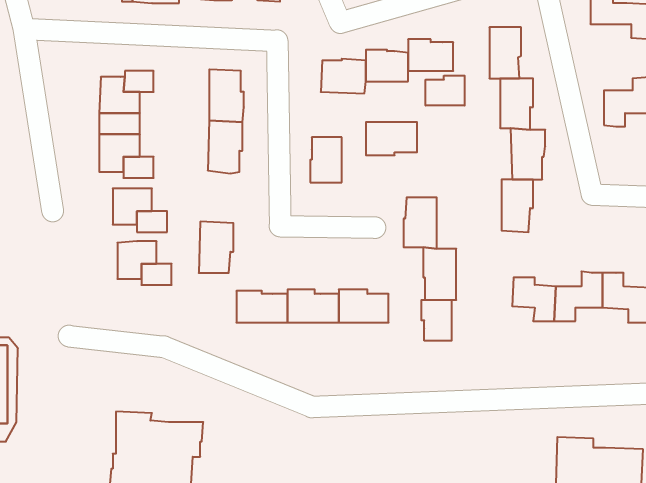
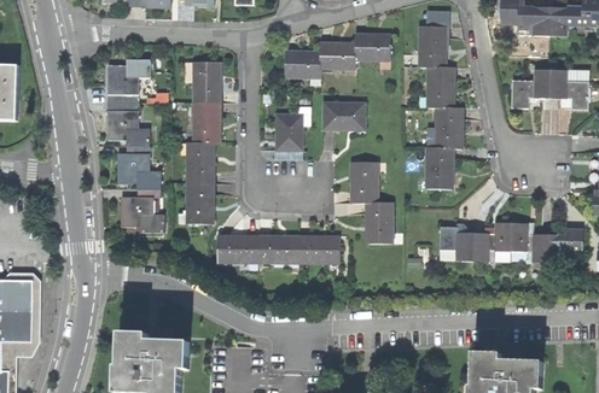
building: [426,76,465,106] -> none
building: none -> [187,140,215,182]
building: [421,300,452,341] -> none

